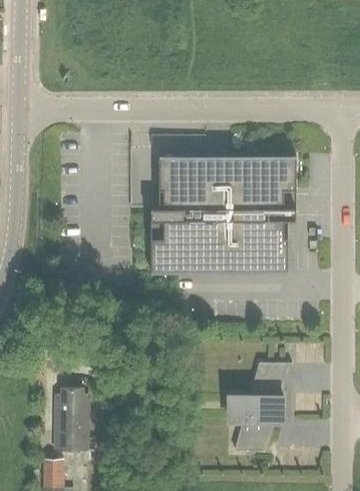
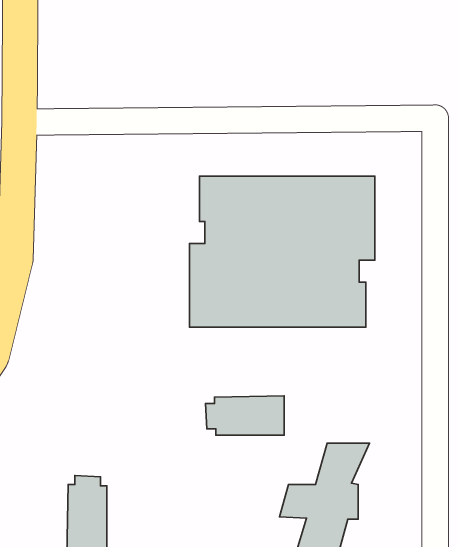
building: none -> [206,396,284,435]

